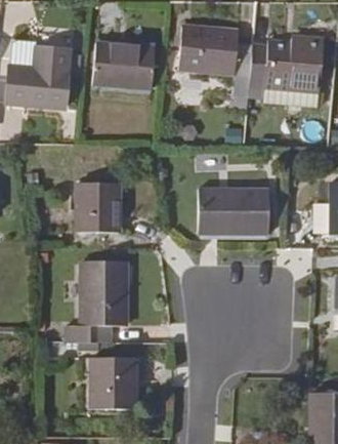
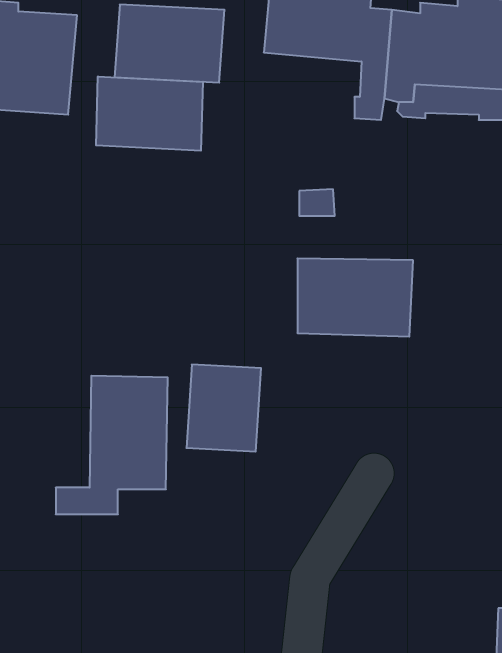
building: none -> [96,76,203,151]
building: [76,179,119,230] -> [186,365,261,452]
building: [90,353,135,405] -> none

